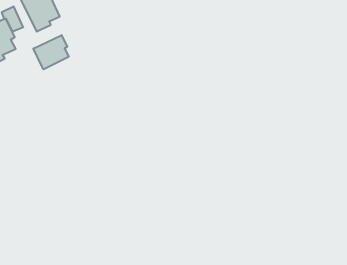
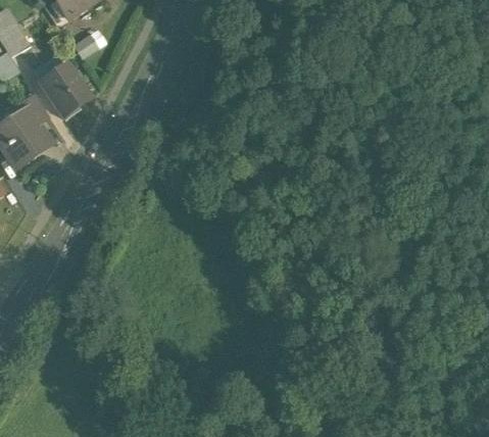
building: [33,35,69,69] -> none

